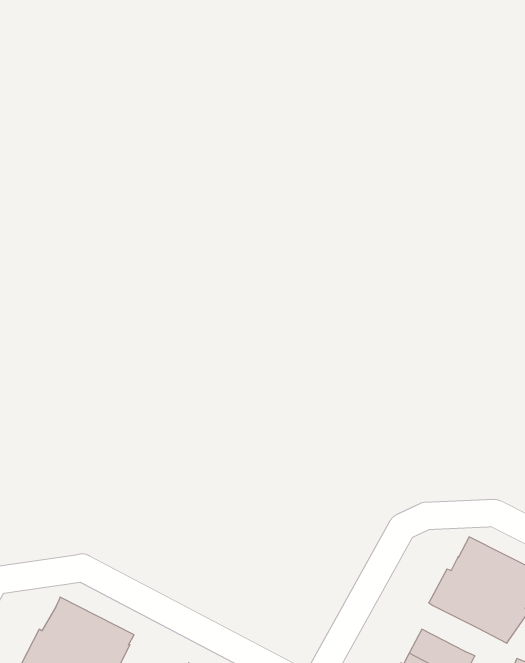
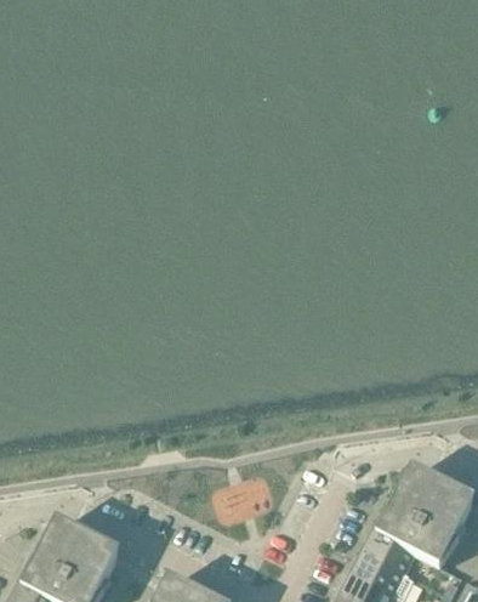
building: none -> [366,528,417,568]

